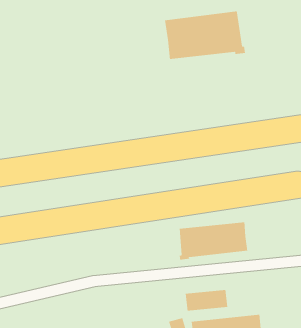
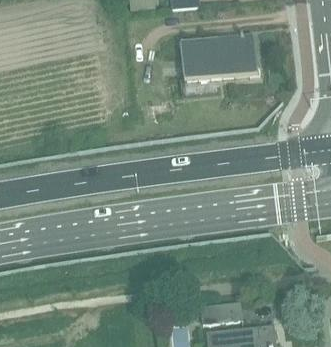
building: [179,221,248,261] -> none

